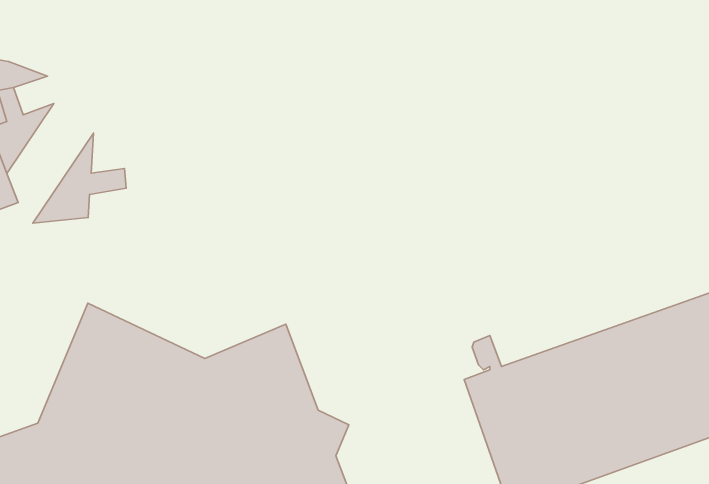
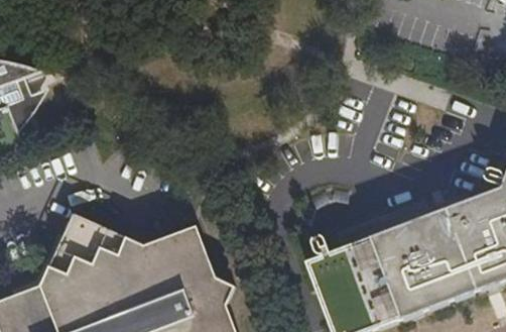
building: [33,133,126,223] -> none

